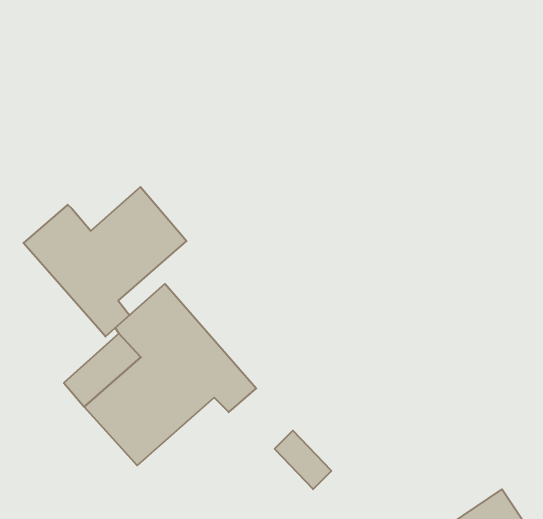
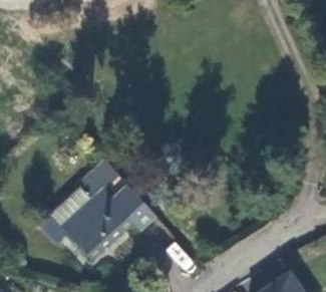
building: [23,187,186,337] -> none

